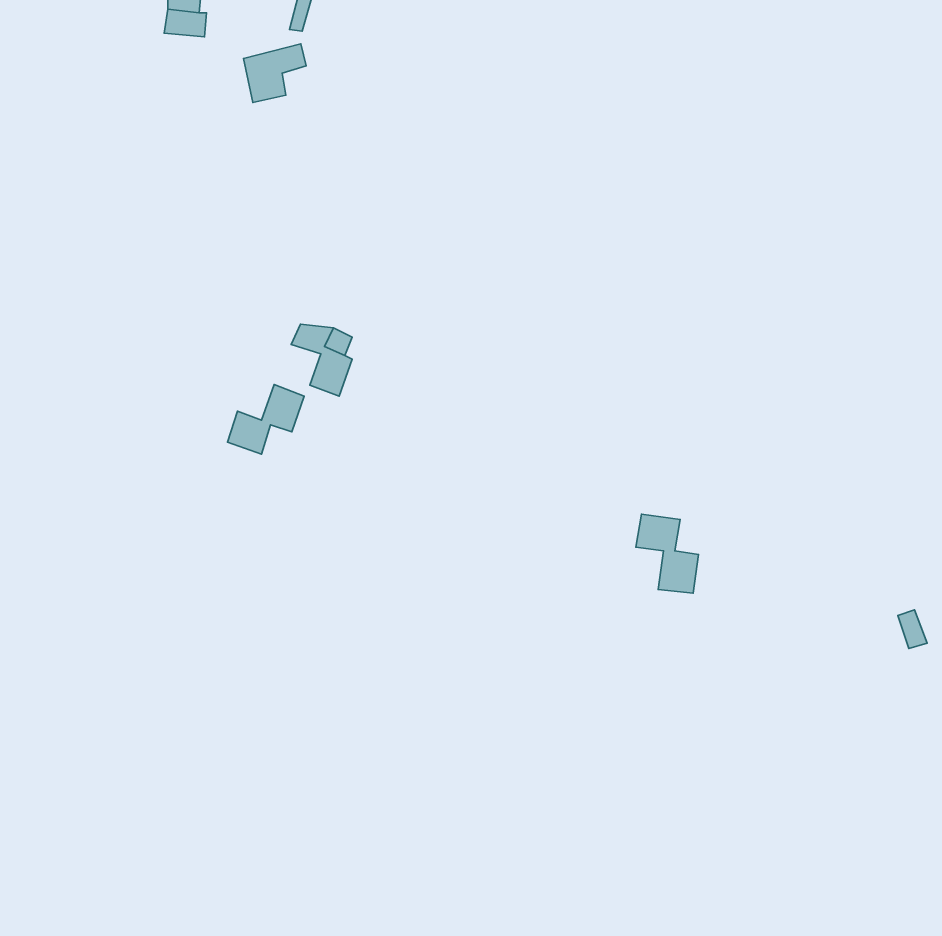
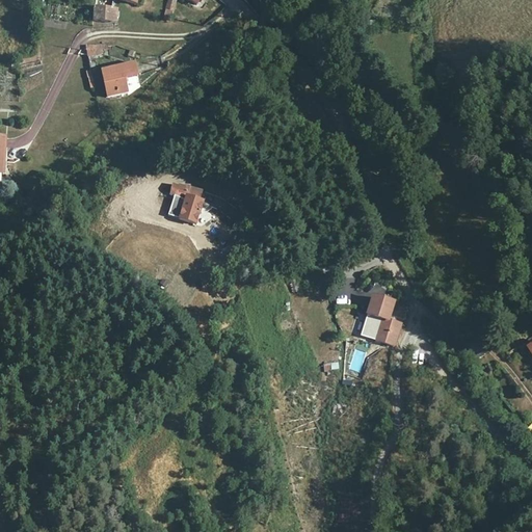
building: [244,44,306,103] -> [103,61,138,95]
building: [227,384,304,454] -> none

